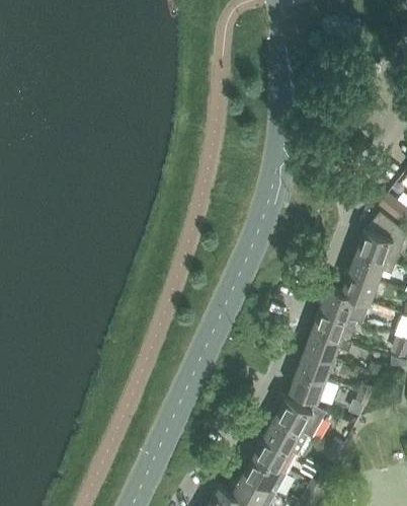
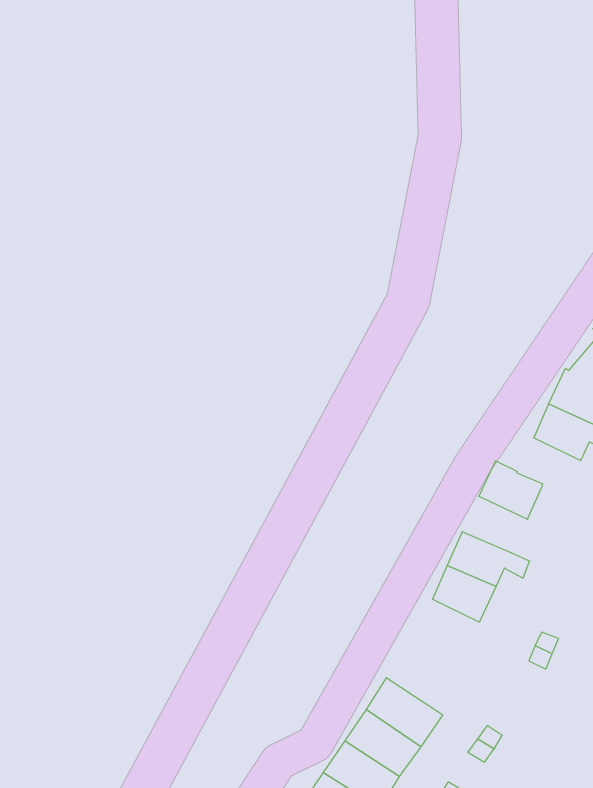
building: [340,274,377,306] -> none
building: [311,310,348,342] -> none
building: [289,372,325,405] -> none
building: [272,396,325,441] -> none

